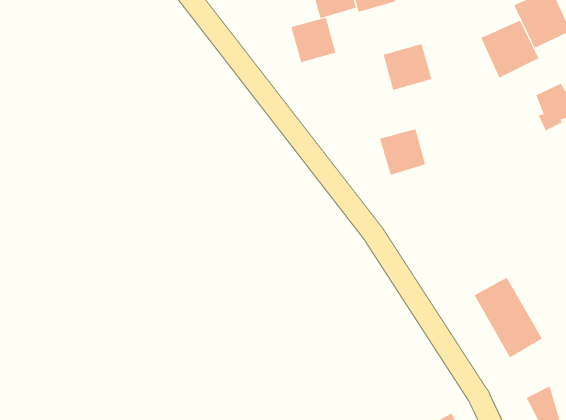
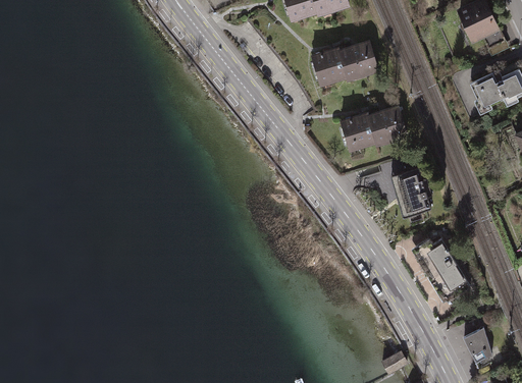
building: [291,17,336,63] -> [312,48,350,86]
building: [480,20,539,78] -> none
building: none -> [371,106,412,147]
building: none -> [393,168,435,217]

